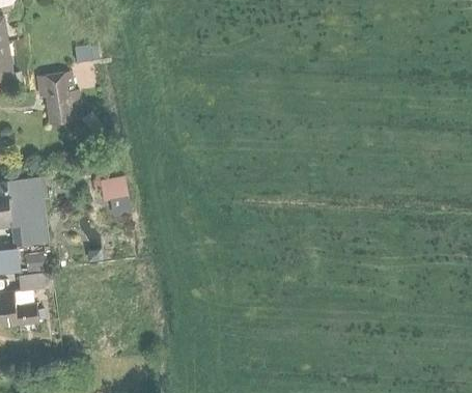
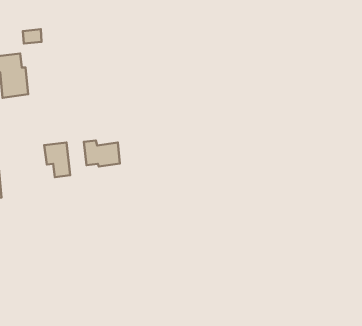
building: none -> [84,140,120,167]

